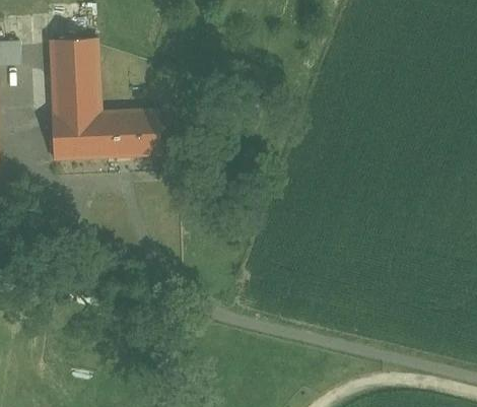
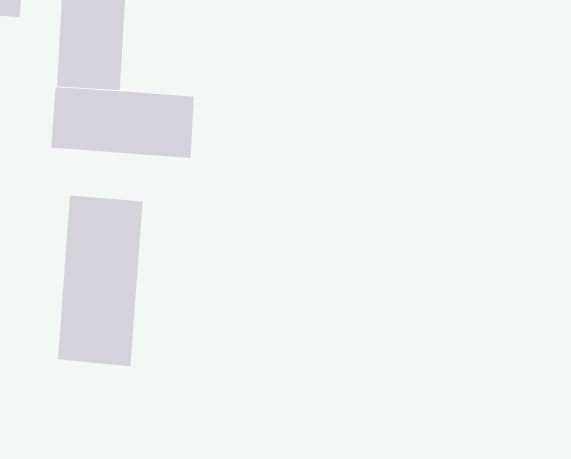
building: none -> [57,195,143,367]

